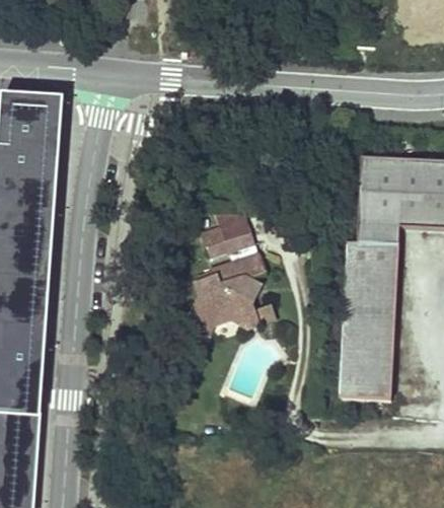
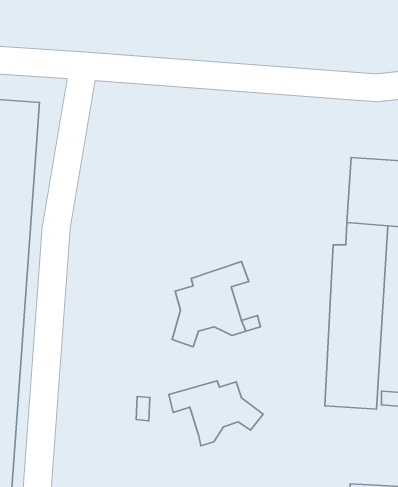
building: [197,226,254,259] -> none
building: none -> [169,381,263,446]

